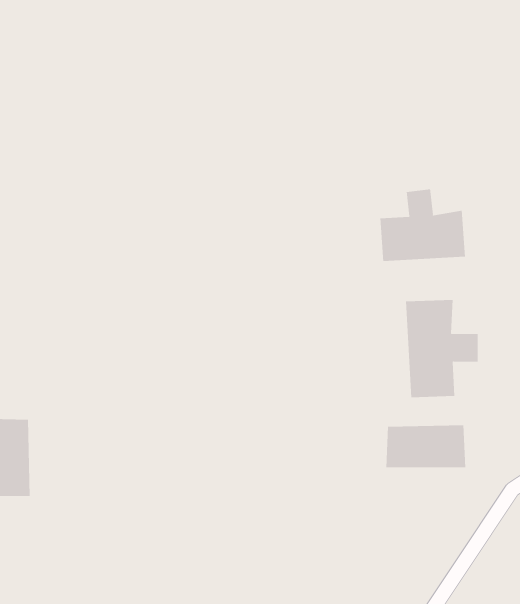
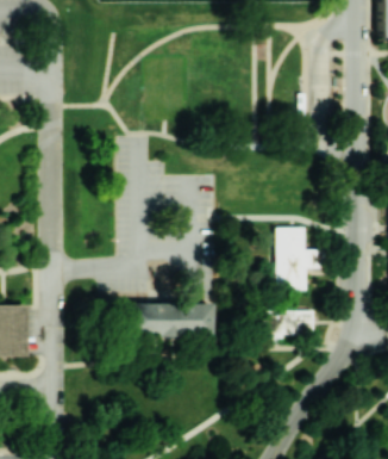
building: [380,189,465,262] -> none
building: none -> [131,303,218,340]

